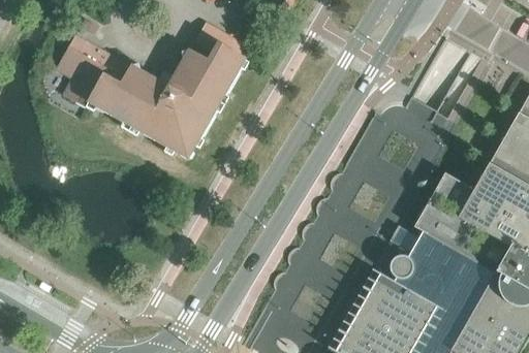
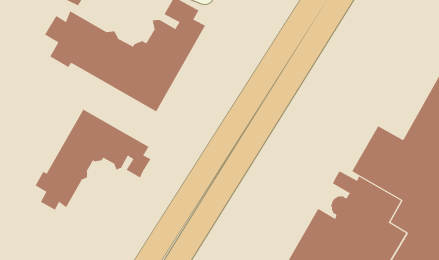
building: none -> [35,109,151,211]

